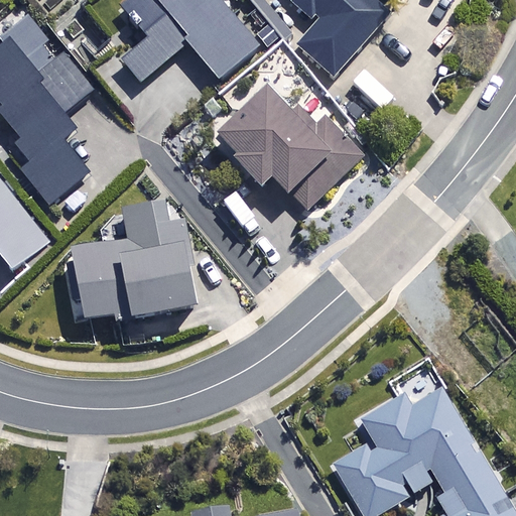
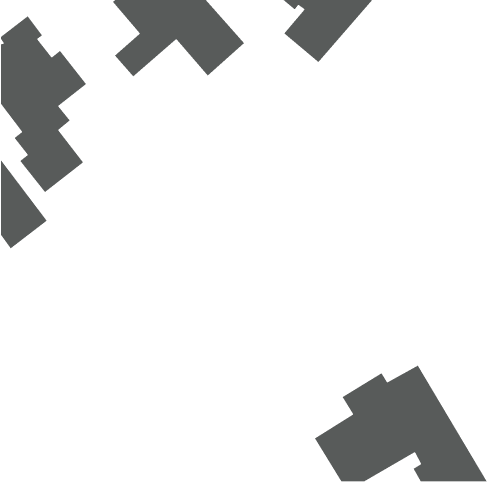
building: [213,91,362,209] -> none
building: [71,199,195,320] -> none

